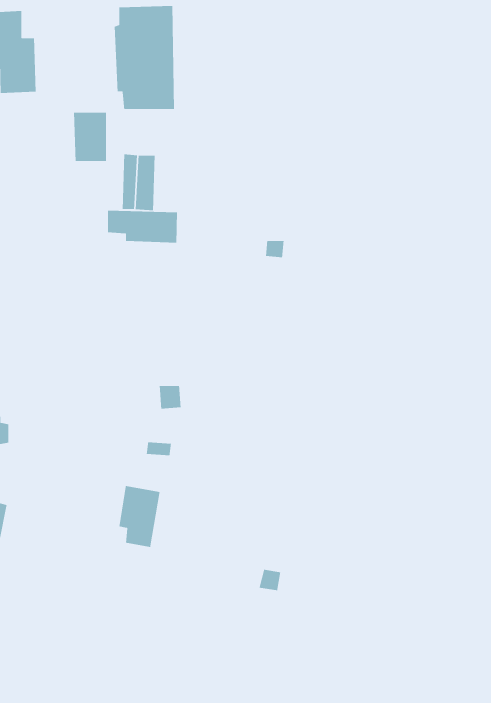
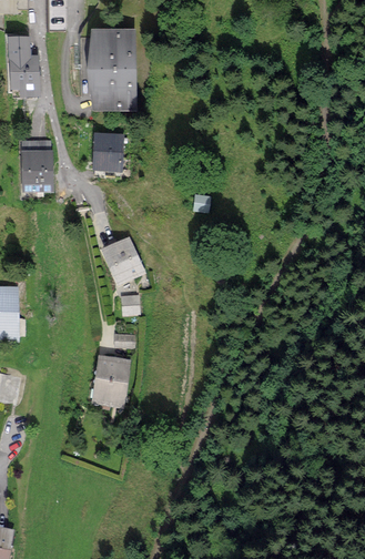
building: [73,112,107,162] -> [24,151,48,185]
building: [107,210,178,244] -> none
building: none -> [103,236,140,277]

